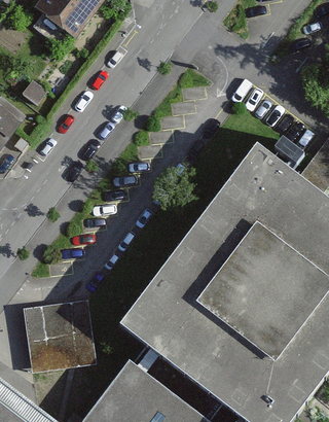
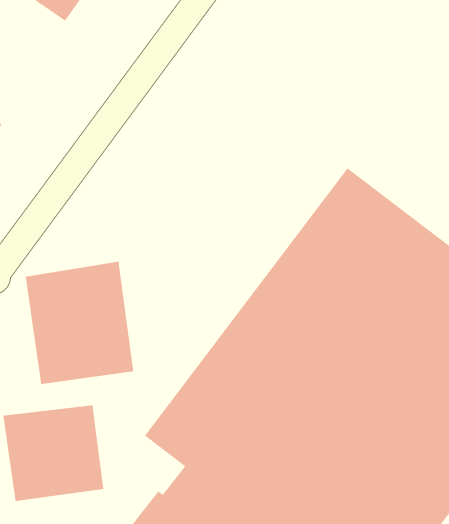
building: none -> [25,261,134,385]

